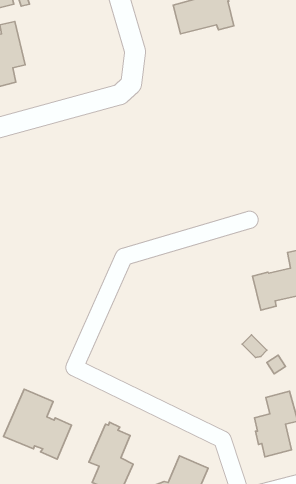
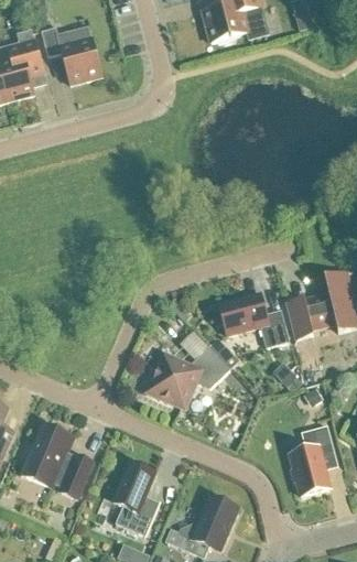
building: none -> [42,26,102,84]
building: none -> [219,293,290,347]
building: none -> [147,346,230,409]

